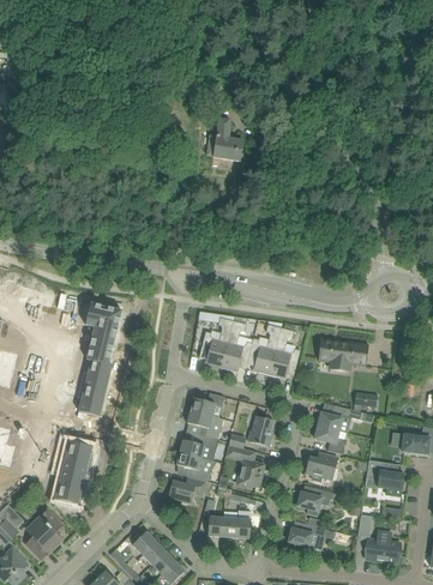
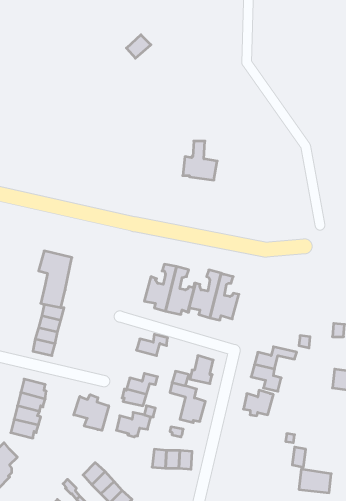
building: [205,117,242,159] -> [183,141,217,180]
building: [318,338,368,370] -> none
building: [186,409,223,439] -> none
building: none -> [74,395,109,430]
building: [365,459,404,495] -> none
building: [295,487,333,515] -> none
building: [287,523,353,551] -> none

